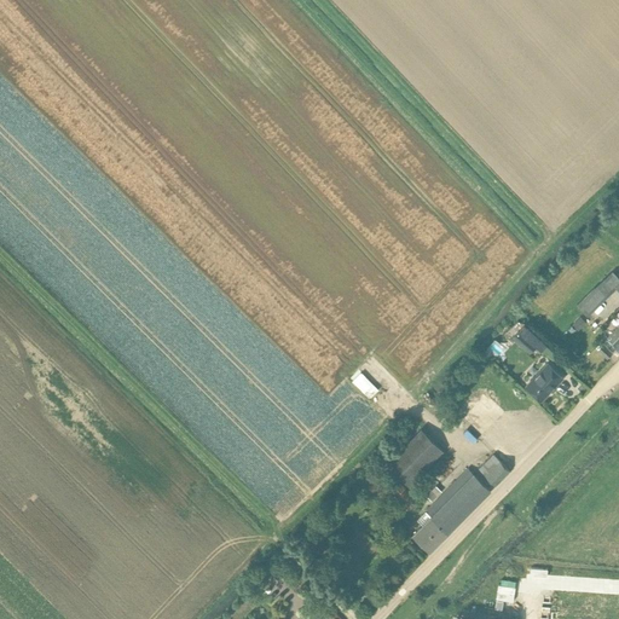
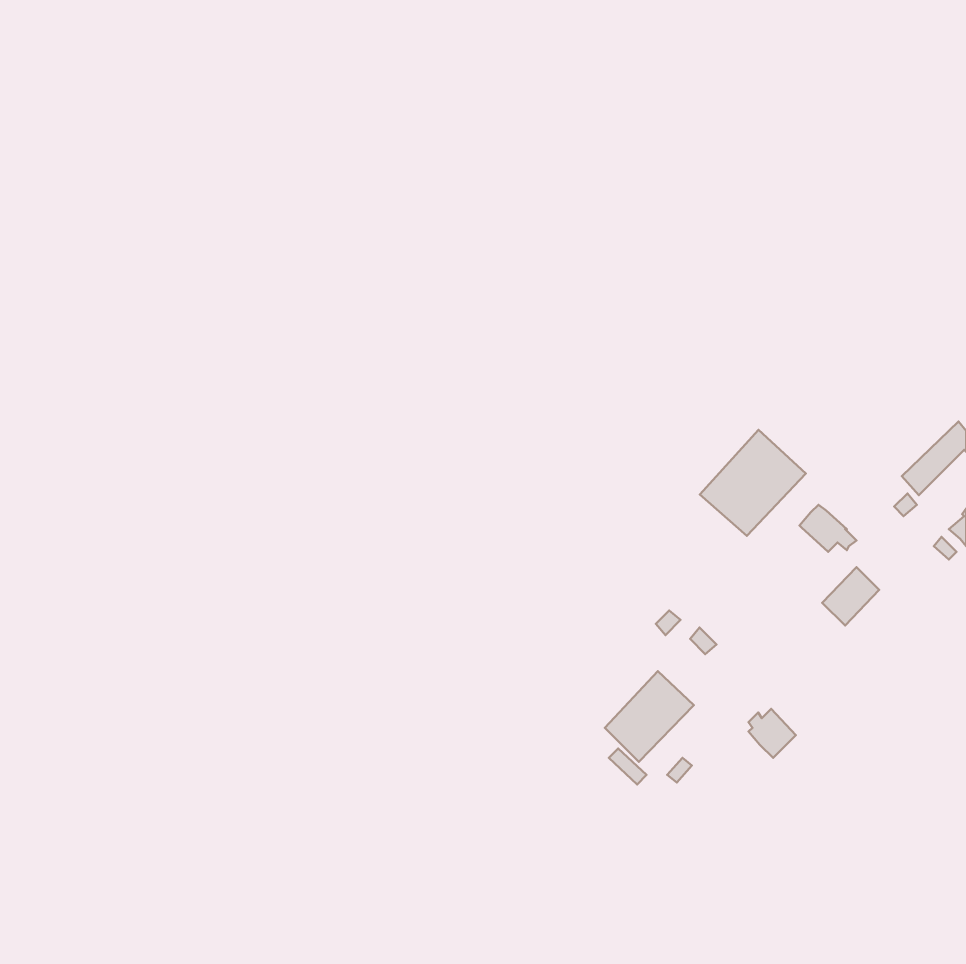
building: none -> [700,430,806,536]
building: [413,469,490,553] -> none

